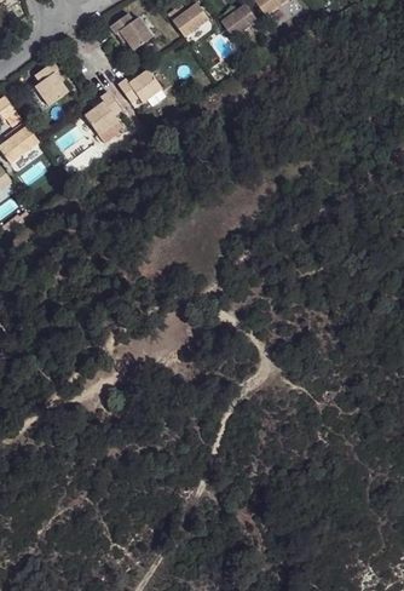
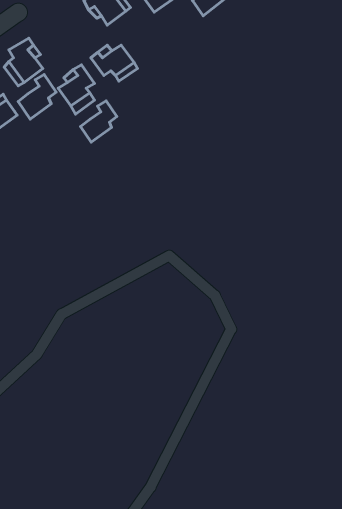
building: none -> [18,75,56,119]
building: none -> [81,101,117,142]

